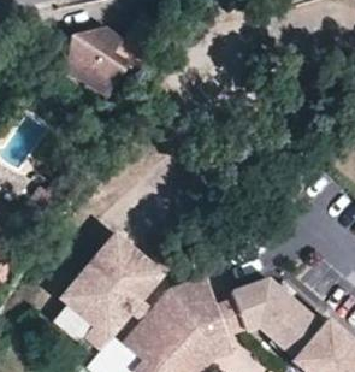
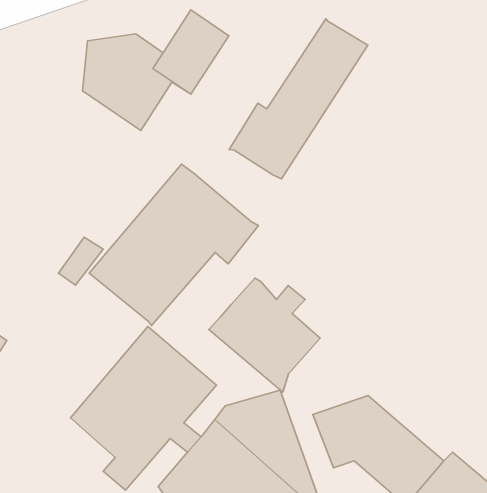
building: none -> [229,19,368,179]
building: none -> [89,164,258,325]
building: none -> [209,278,320,392]

